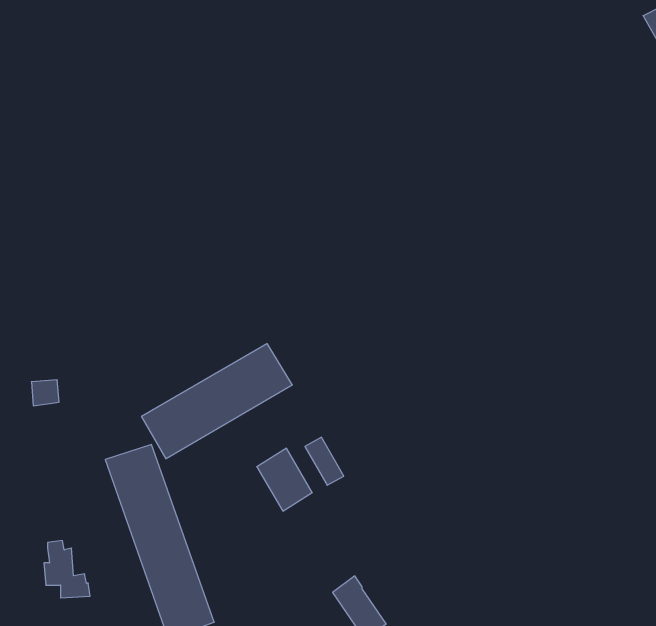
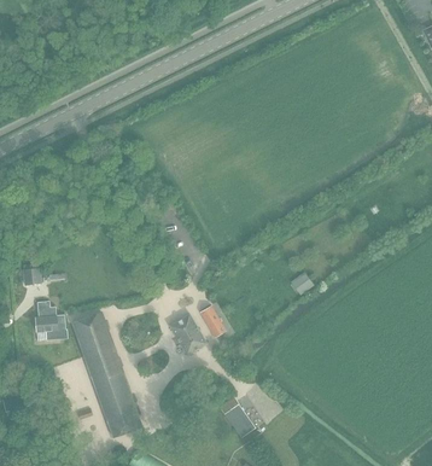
building: [142,344,292,459] -> none
building: [44,541,90,598] -> [35,299,65,337]

